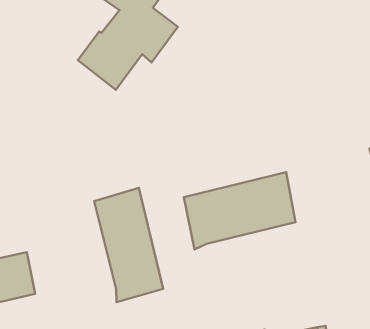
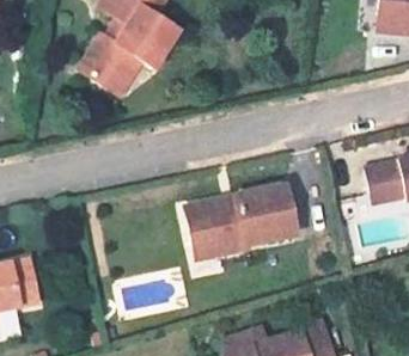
building: [94,188,163,302] -> none

